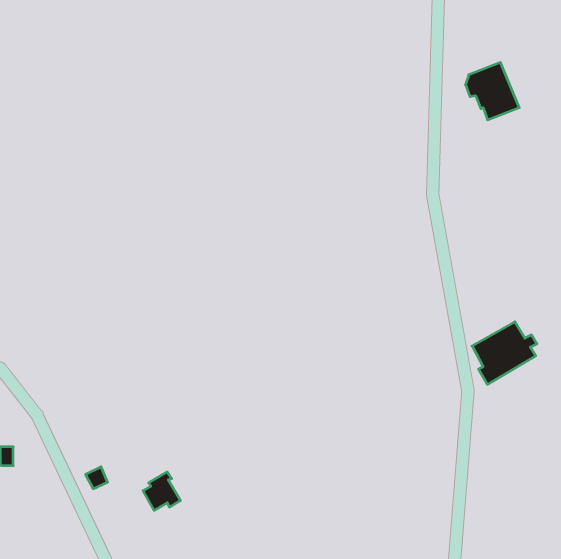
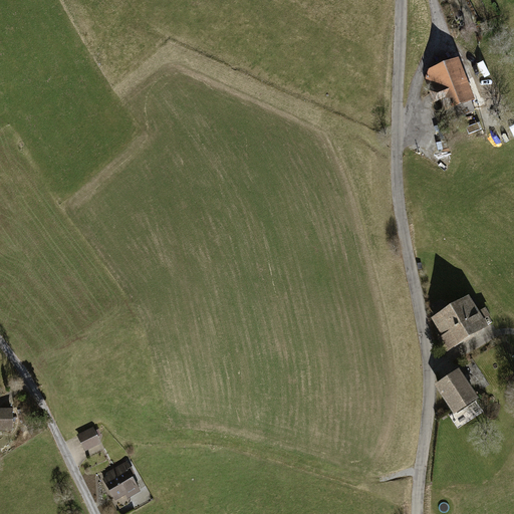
building: none -> [435,368,480,413]
building: [143,472,180,510] -> [104,462,139,497]

